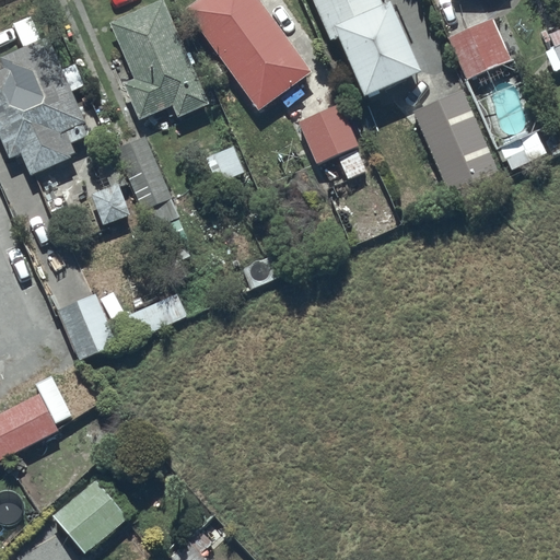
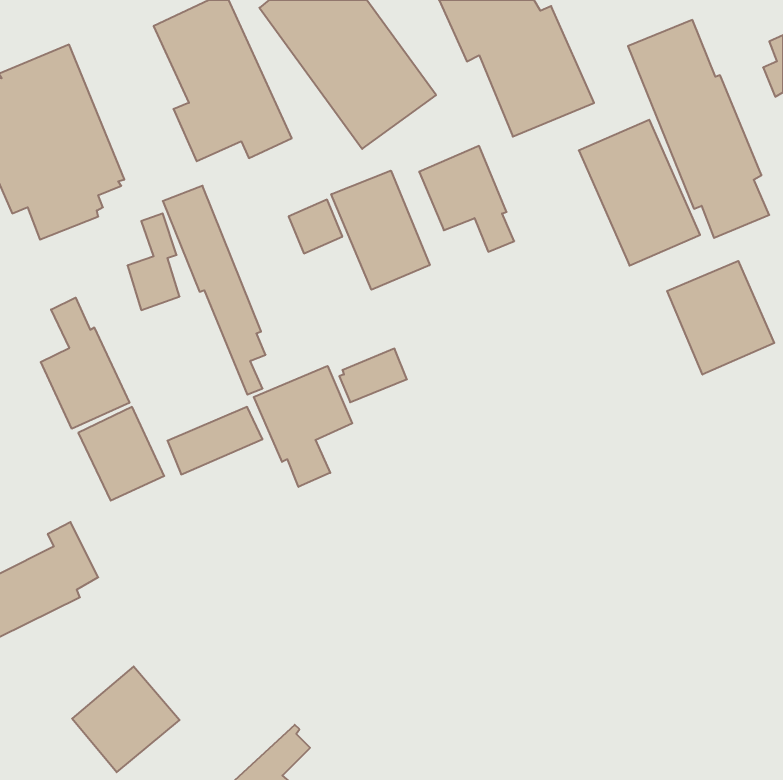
building: none -> [331,171,430,290]
building: none -> [667,261,774,375]
building: none -> [41,298,129,429]
building: none -> [254,366,352,487]

